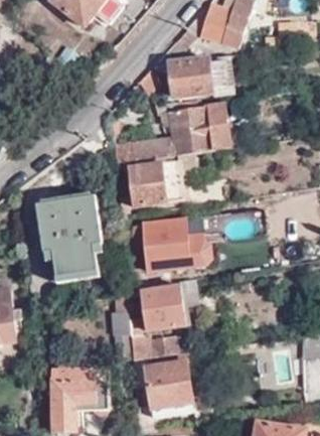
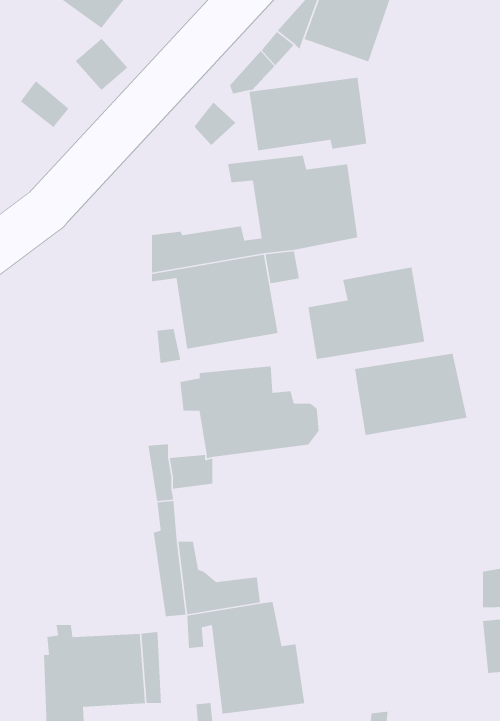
building: none -> [307,266,425,360]
building: [34,195,104,278] -> none
building: [140,283,204,330] -> [354,353,467,436]

